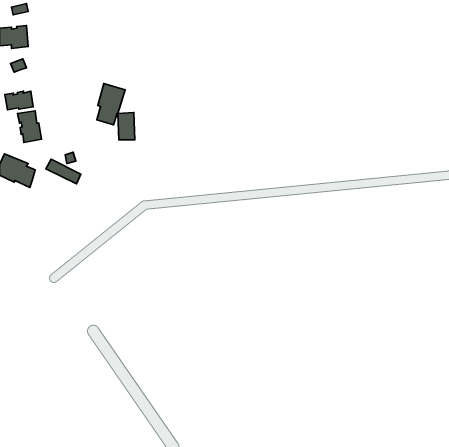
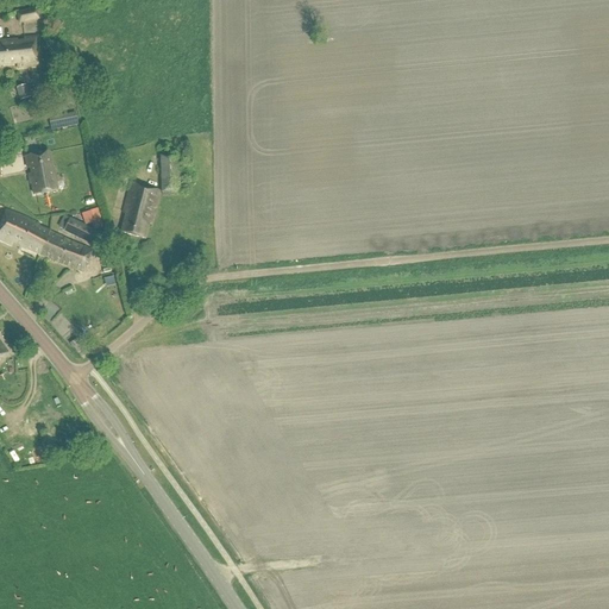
building: [97,84,125,125] -> [120,180,158,236]
building: [5,91,33,110] -> none
building: none -> [40,230,90,270]

